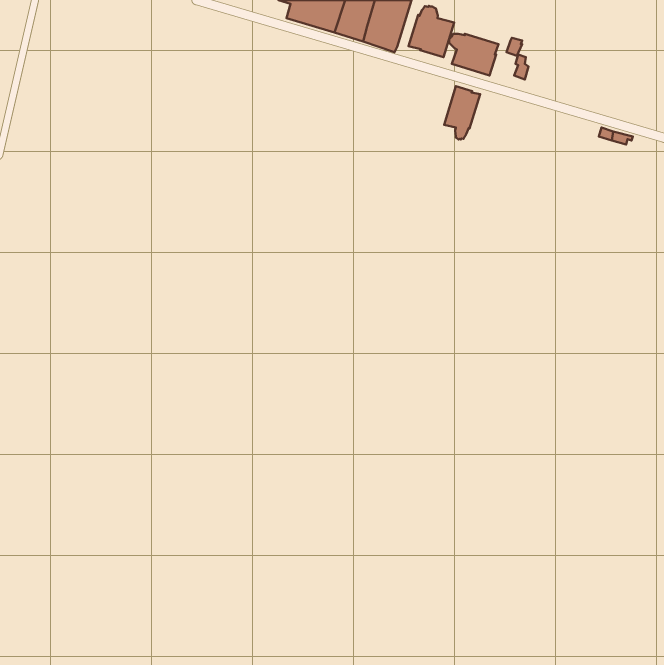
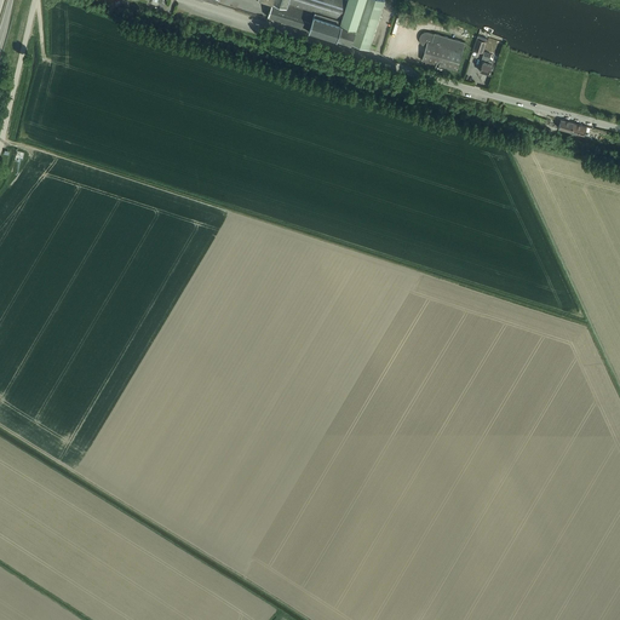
building: [409,6,454,57] -> none
building: [444,86,480,140] -> none

